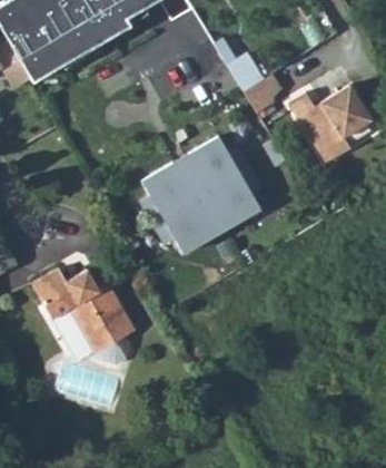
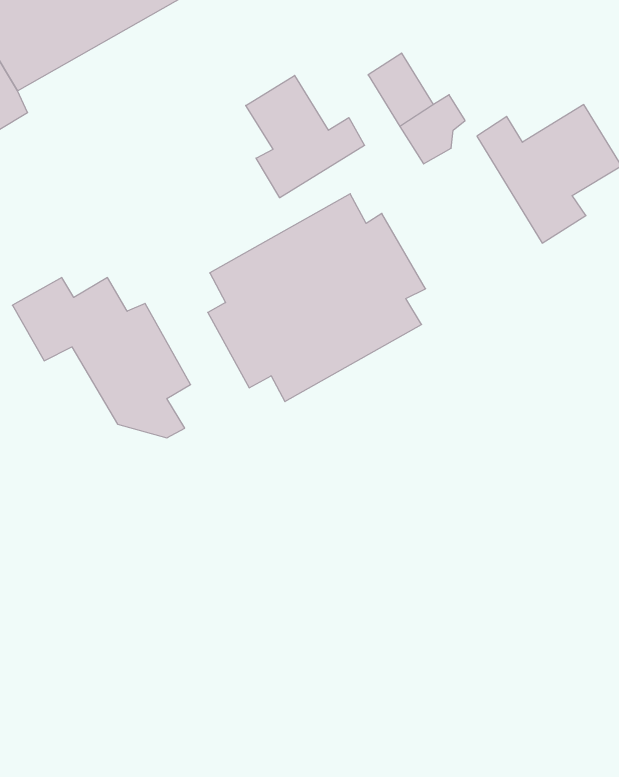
building: none -> [246,75,365,198]
building: [38,281,138,371] -> [12,278,191,438]

